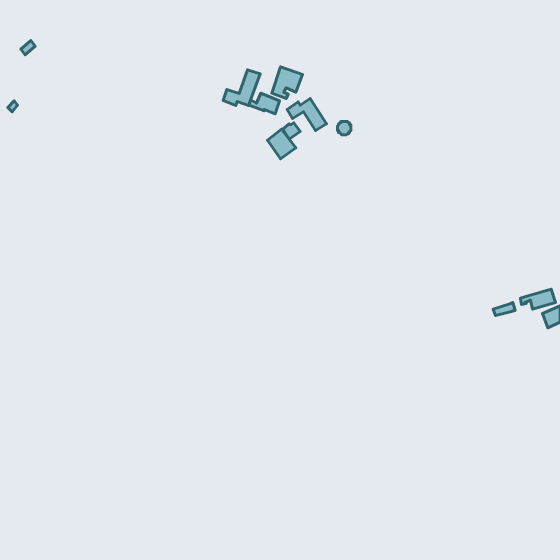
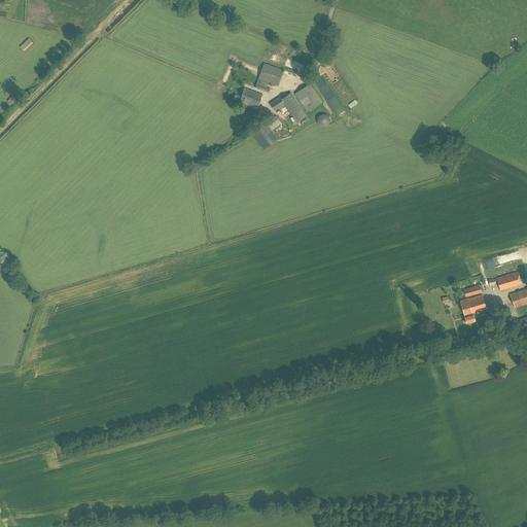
building: [223,70,260,106] -> none
building: none -> [293,83,322,112]
building: none -> [460,294,487,323]

